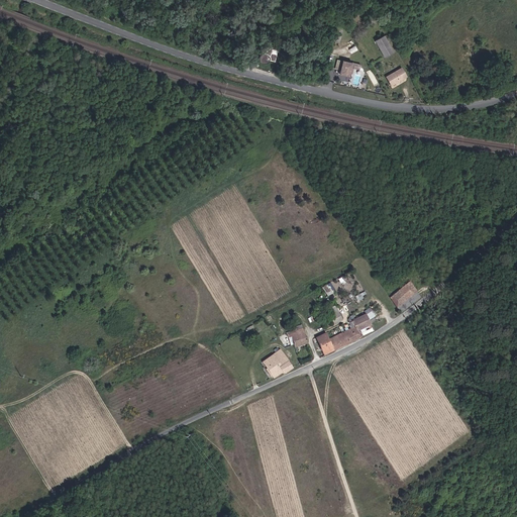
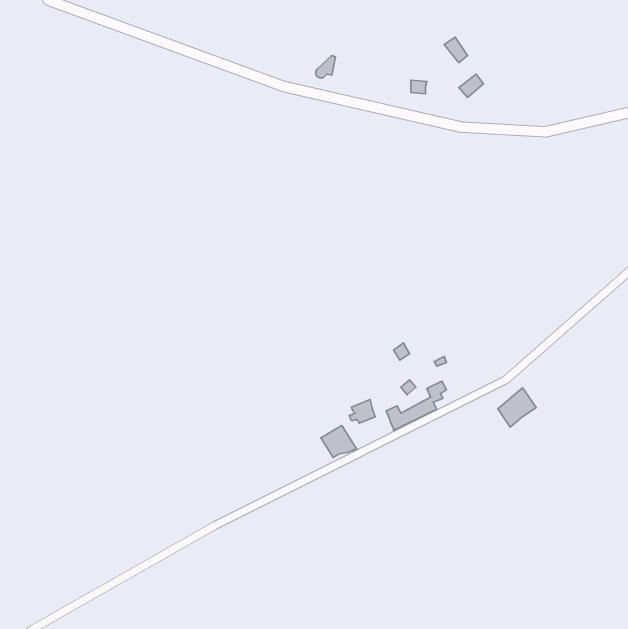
building: [390,280,421,312] -> [498,388,536,427]

